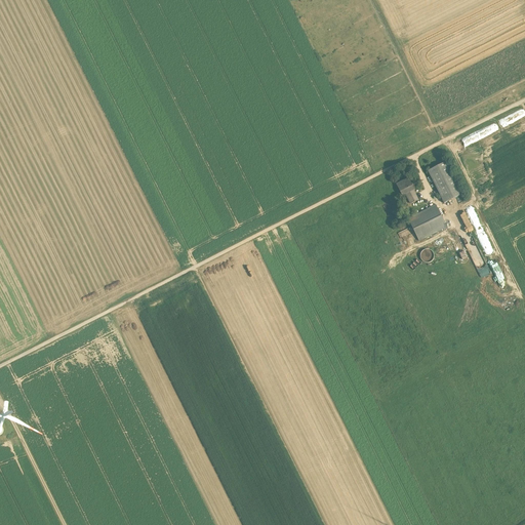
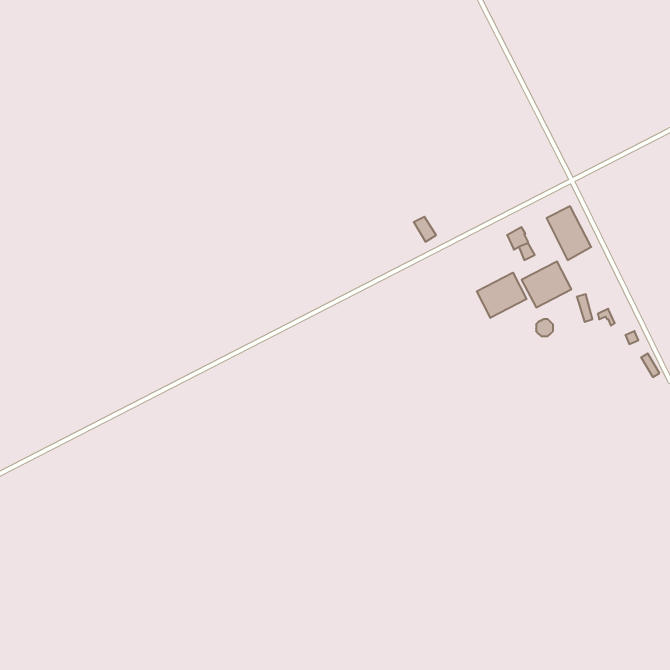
building: none -> [477,273,526,318]

